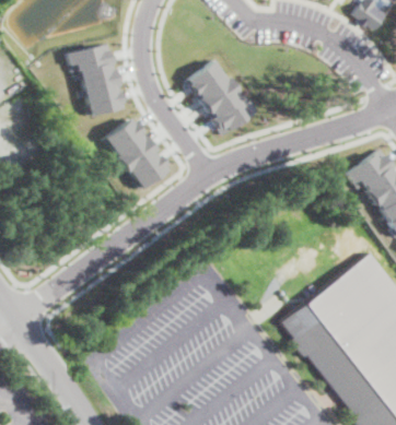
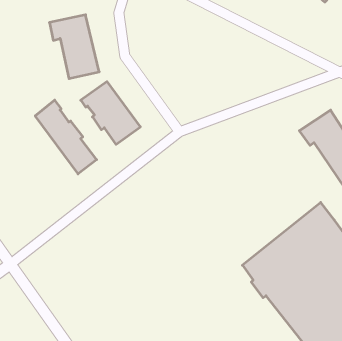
building: [184,58,257,134] -> none
building: none -> [35,100,97,174]

